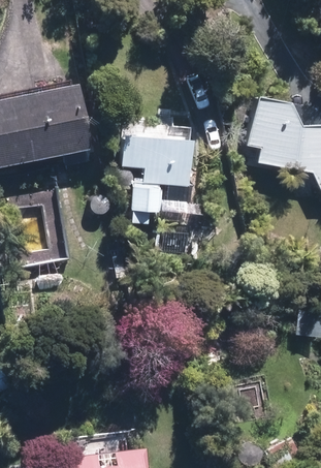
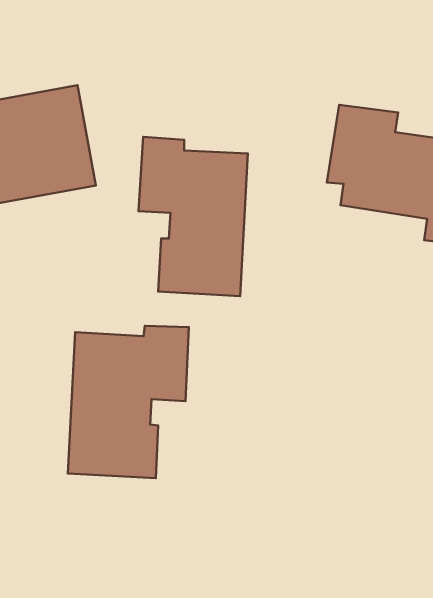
building: none -> [68,326,189,478]

